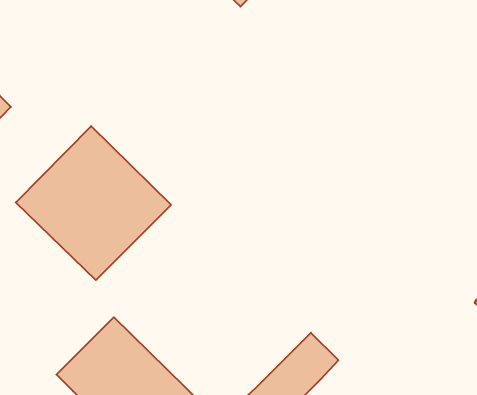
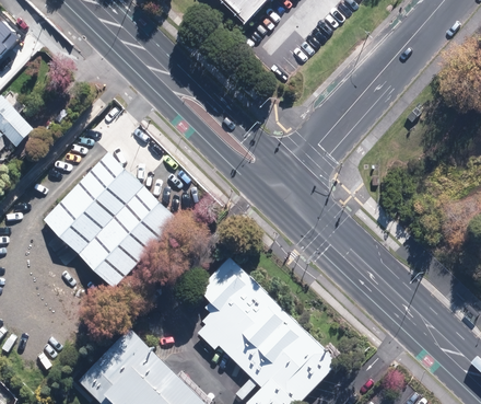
building: none -> [196,255,309,385]

